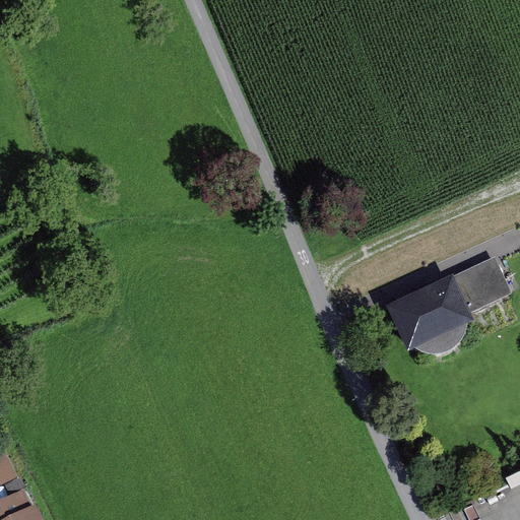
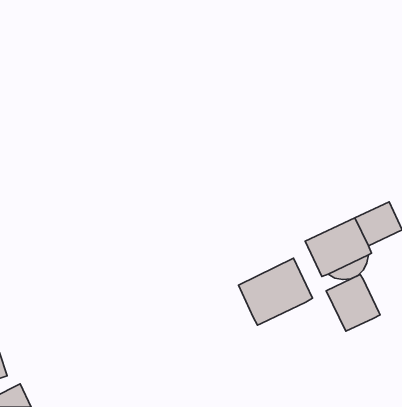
building: none -> [238,258,313,325]
building: none -> [326,275,380,331]

